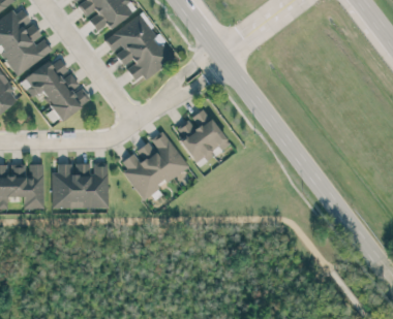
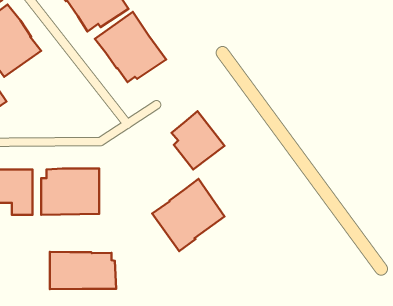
building: [21,60,91,122] -> none
building: [119,131,188,200] -> [152,179,225,251]
building: none -> [50,252,116,289]

